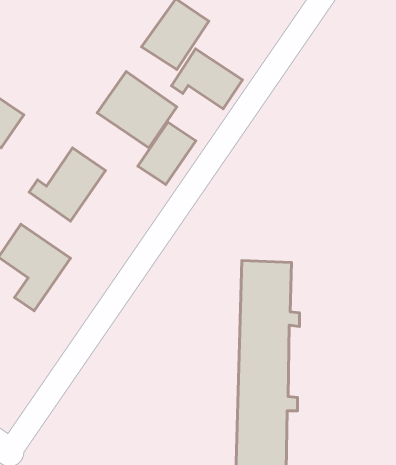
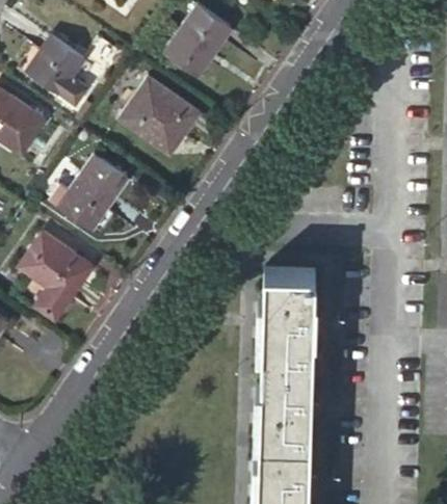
building: none -> [27,36,84,101]
building: [172,49,243,109] -> none
building: [138,122,196,185] -> none

